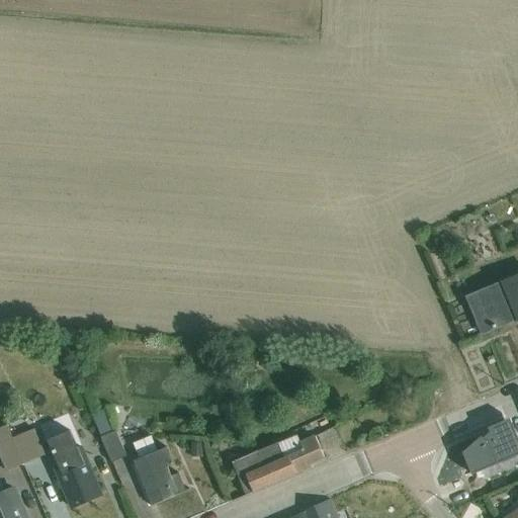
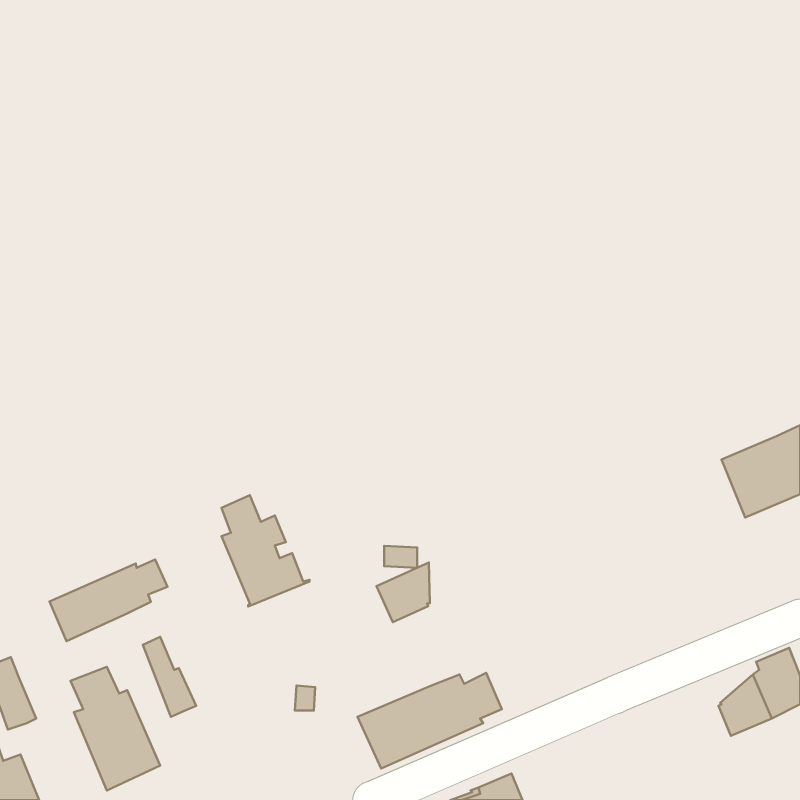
building: none -> [49,559,167,641]
building: none -> [376,563,430,622]
building: [12,428,46,463] -> none
building: [133,434,189,506] -> [221,495,309,607]

